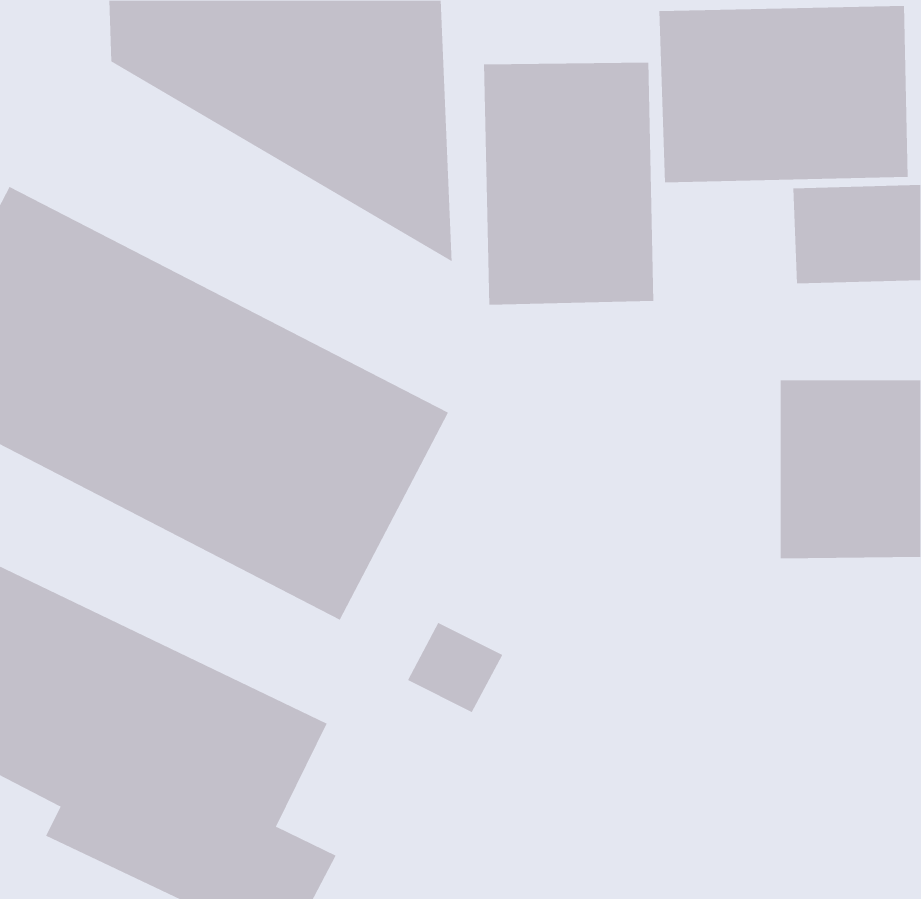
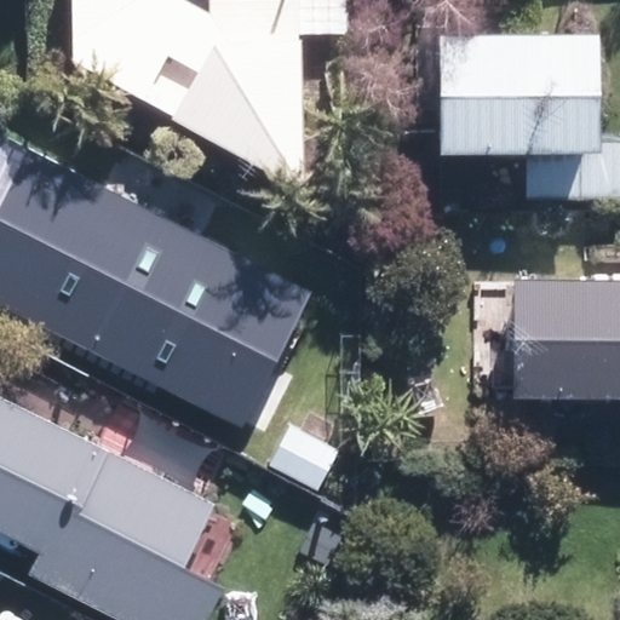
building: [483,62,654,305] -> none

